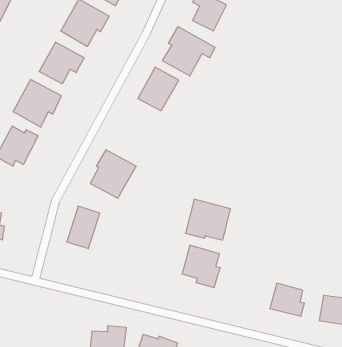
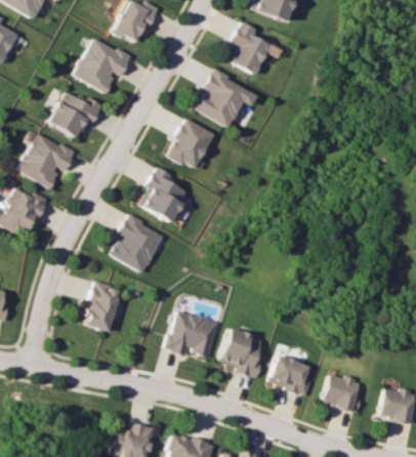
building: none -> [137,170,189,222]
building: [185,199,230,240] -> [165,309,218,358]
building: none -> [268,355,310,394]

